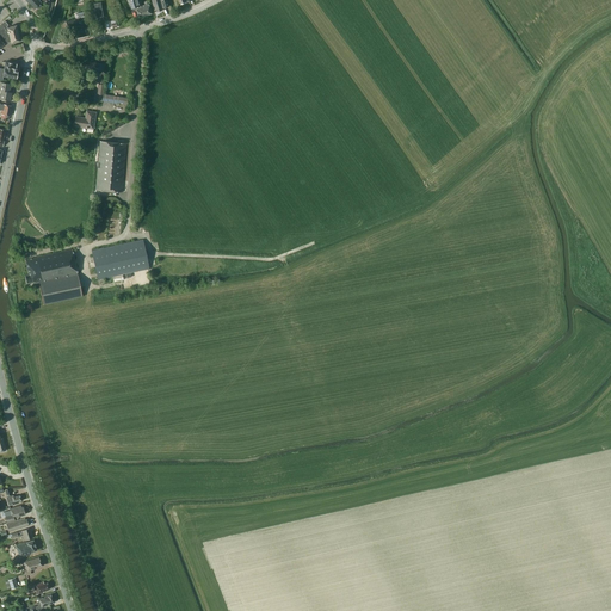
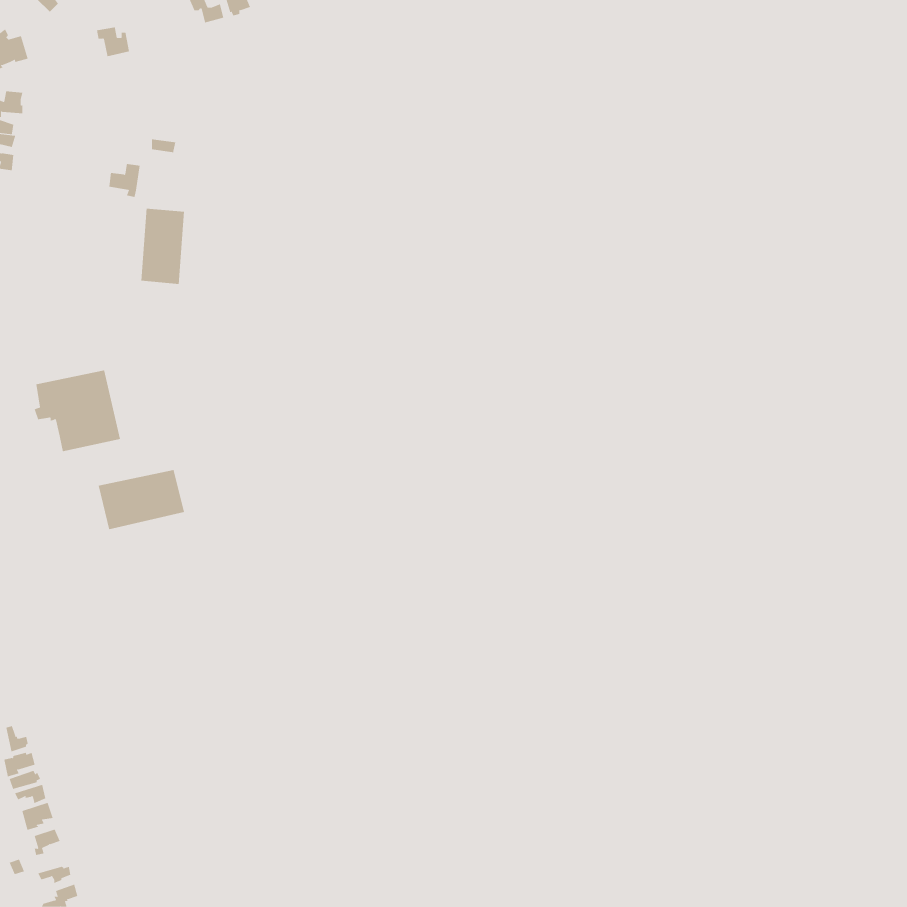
building: [90,239,148,279] -> [98,469,185,530]

